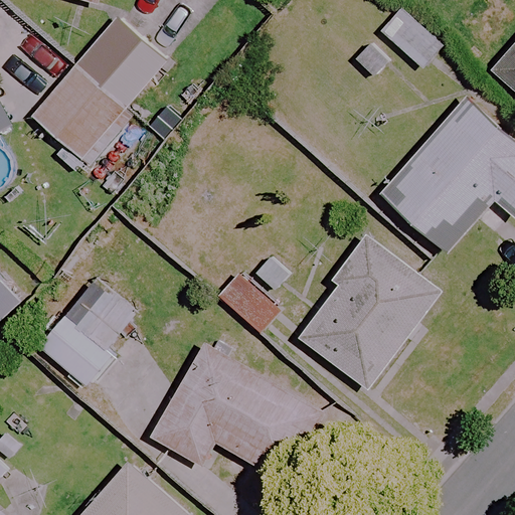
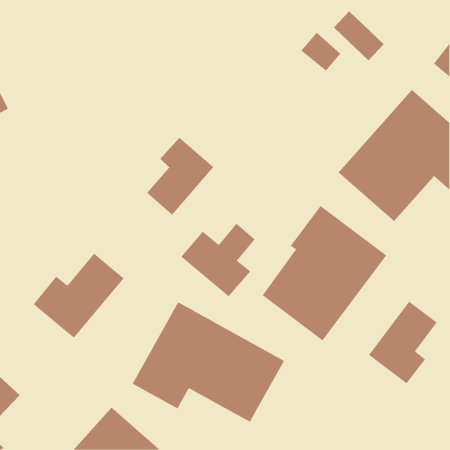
building: [32,18,164,184] -> none
building: none -> [146,137,214,215]
building: none -> [368,301,438,384]

